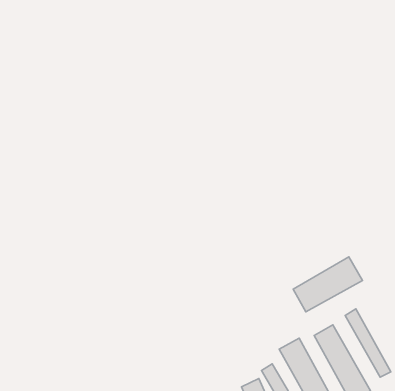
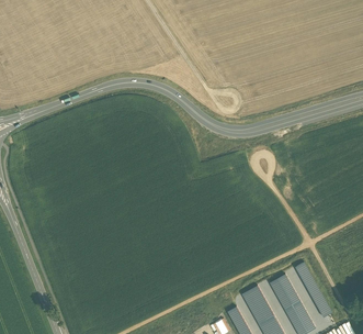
building: [293,257,363,312] -> none

